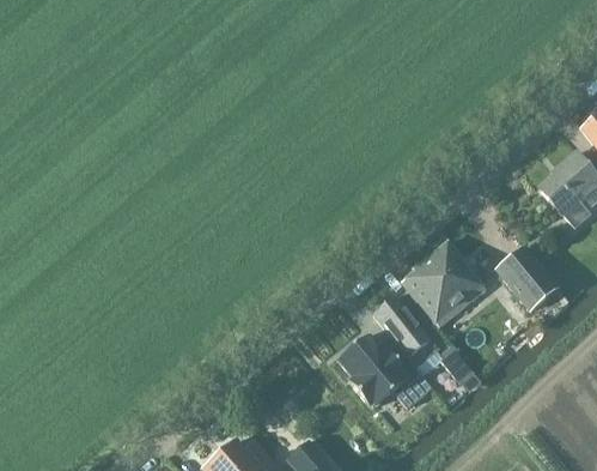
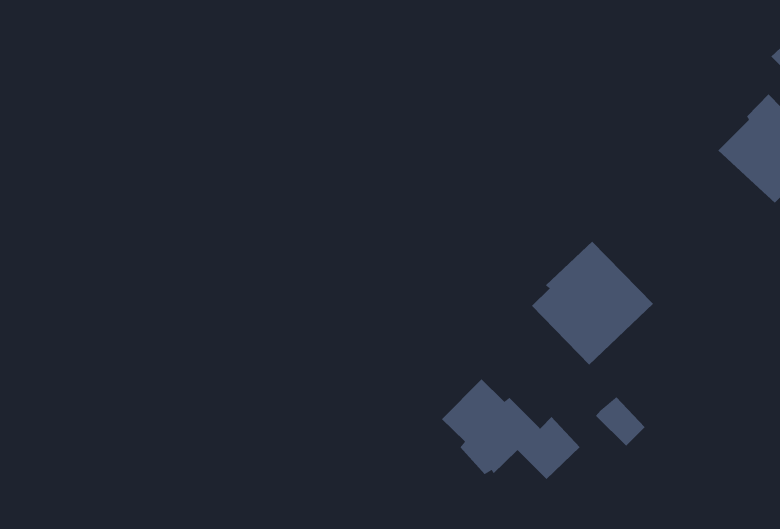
building: [495,247,558,312] -> none
building: [373,296,431,358] -> none

